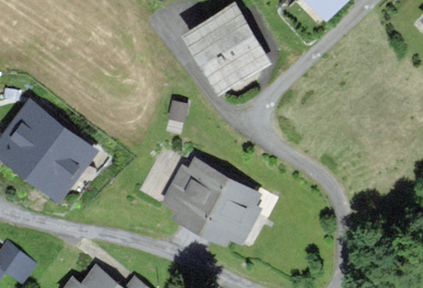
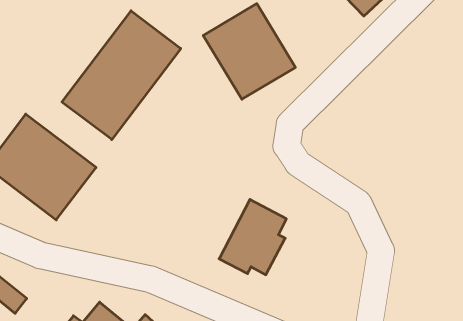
building: none -> [62,11,181,140]
building: [164,161,228,230] -> none

